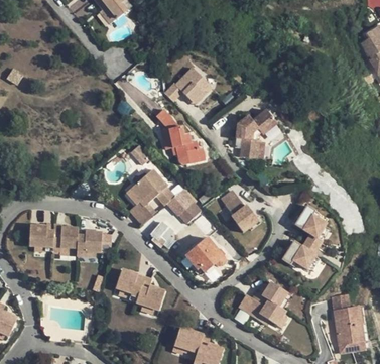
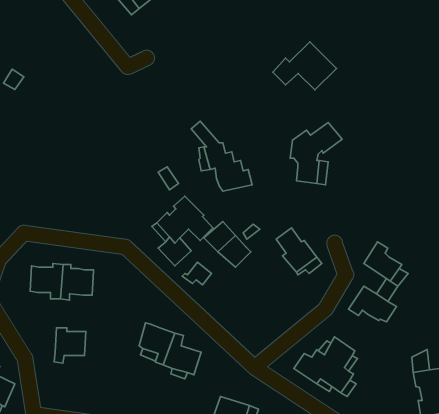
building: [162,67,213,105] -> [273,42,336,90]
building: [77,228,102,256] -> [54,328,86,363]
building: [185,237,224,271] -> none

